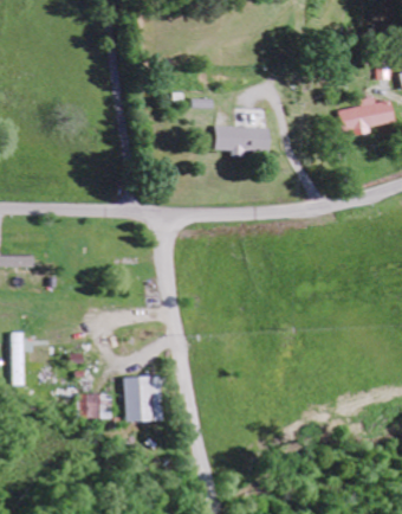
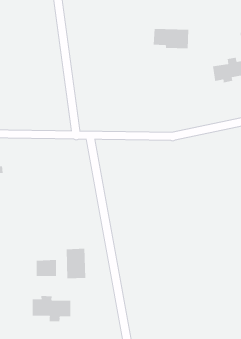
building: [210,126,264,155] -> [153,29,189,49]
building: none -> [32,295,71,322]

